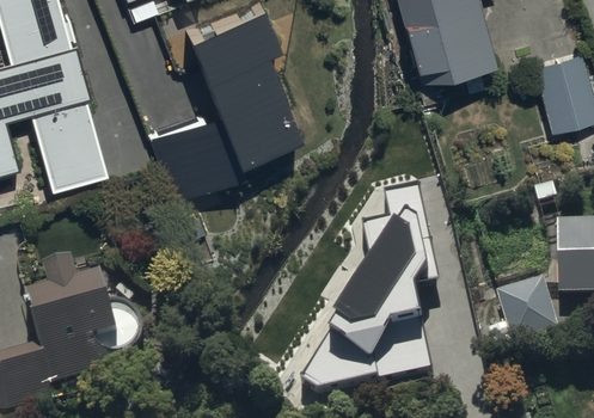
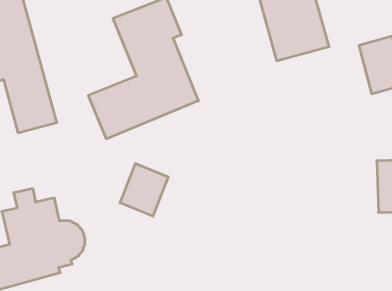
building: [300,177,440,391] -> none
building: none -> [120,164,168,216]
building: [498,284,561,350] -> none

